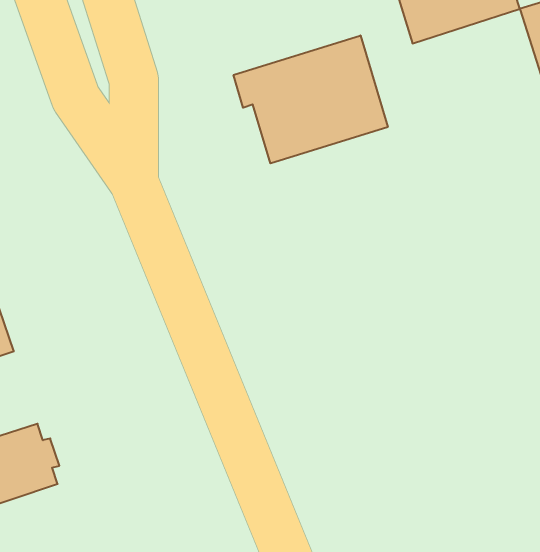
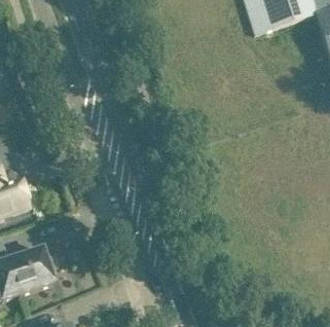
building: [234,35,388,163] -> none

